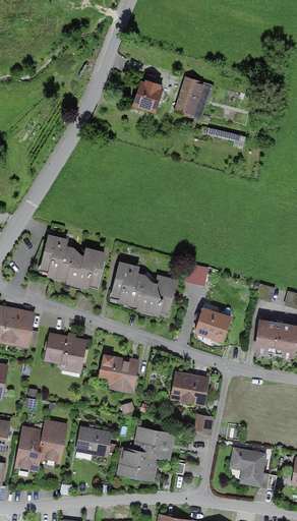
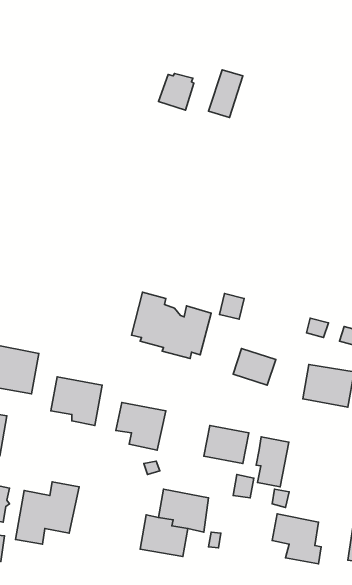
building: [40,234,107,289] -> none
building: none -> [256,437,289,487]
building: [75,423,112,455] -> none

